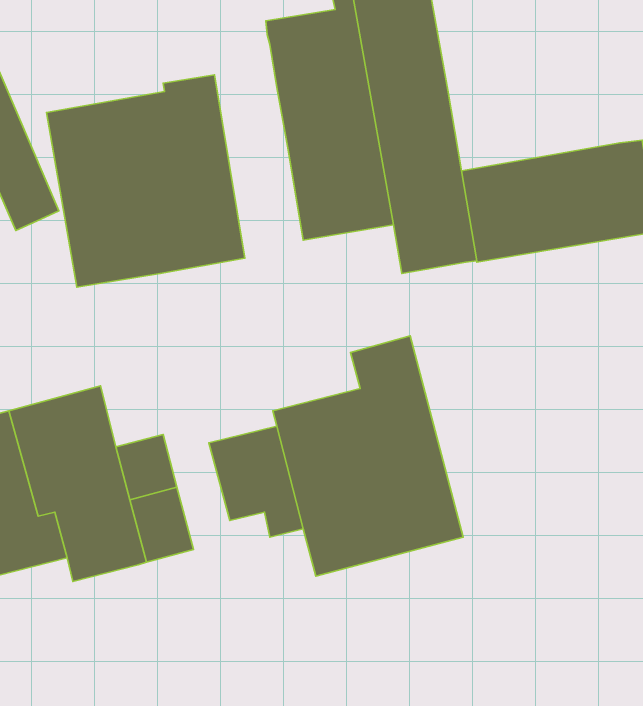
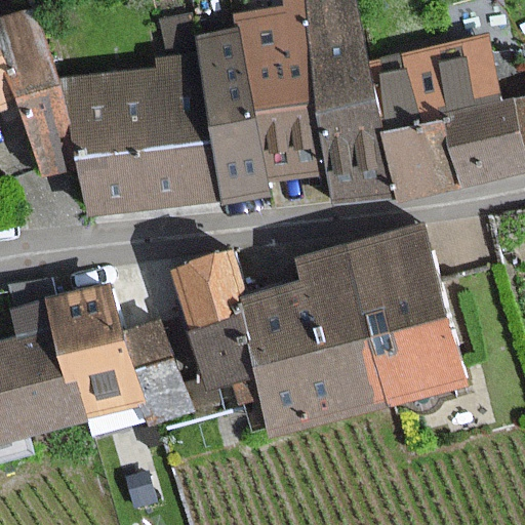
building: none -> [195,33,266,198]
building: none -> [370,46,497,126]
building: none -> [342,229,457,397]
building: none -> [178,254,244,327]

